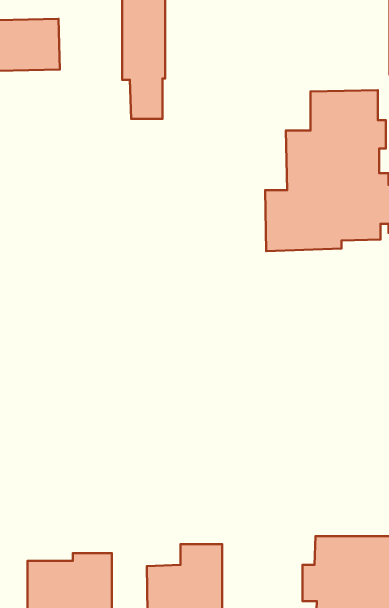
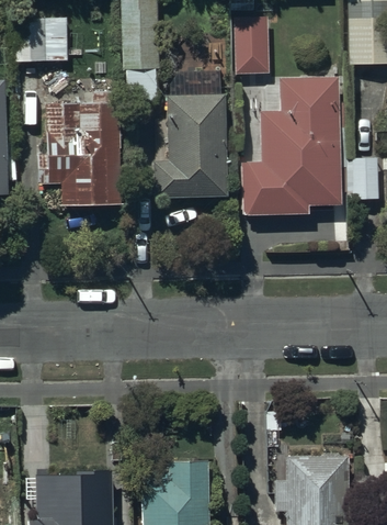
building: none -> [235,16,269,74]
building: none -> [152,71,226,198]
building: none -> [38,91,121,205]

